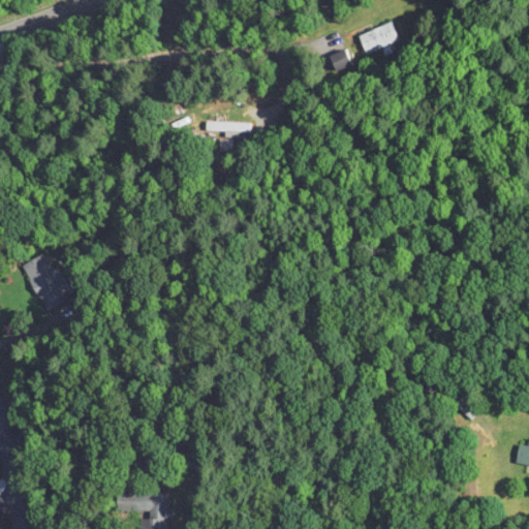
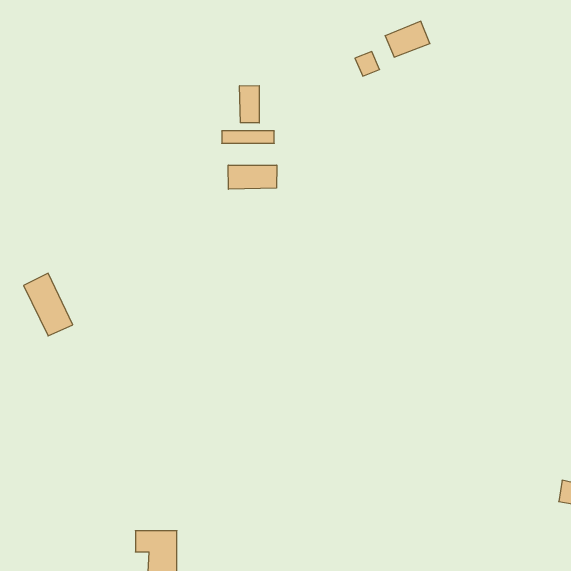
building: none -> [240,86,259,123]
building: none -> [228,165,277,189]

